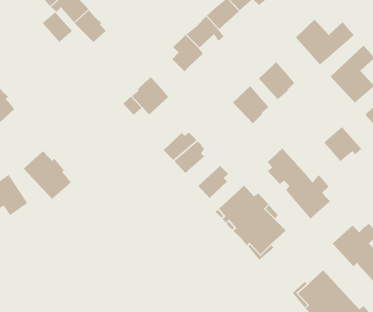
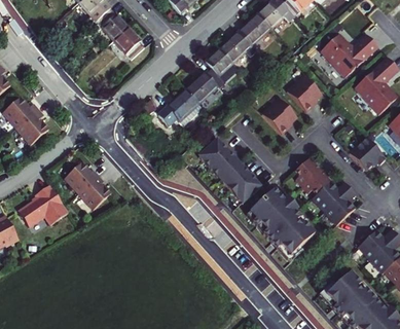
building: [42,11,73,43] -> none
building: none -> [185,73,217,103]
building: none -> [218,164,251,193]

